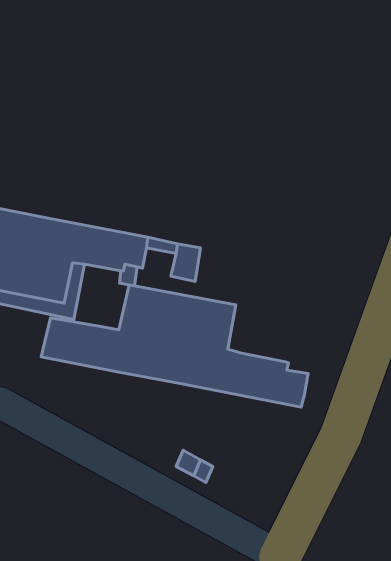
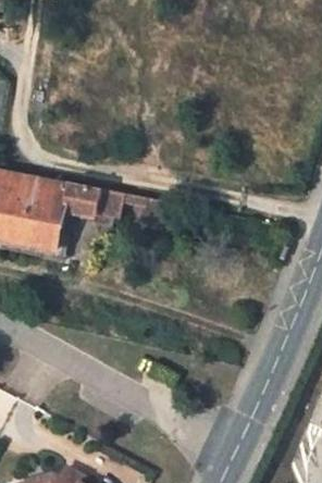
building: [41,285,308,407] -> none

